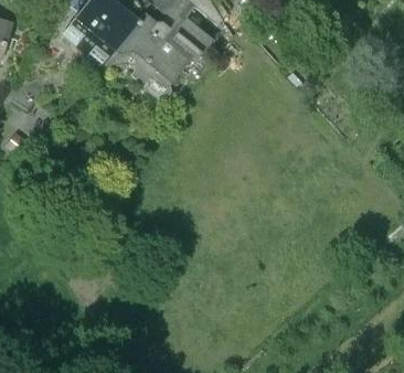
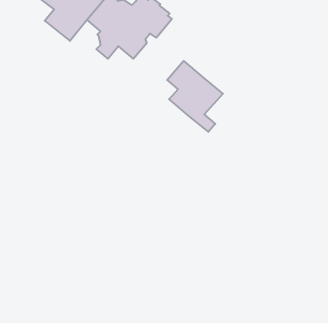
building: none -> [167,61,223,132]

